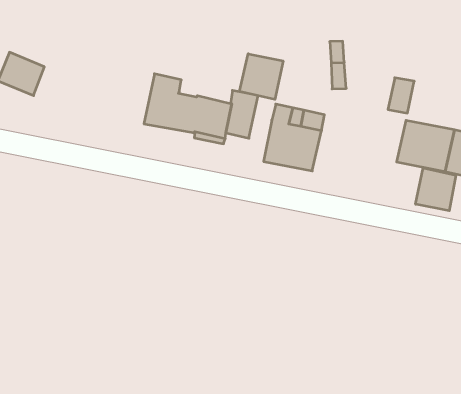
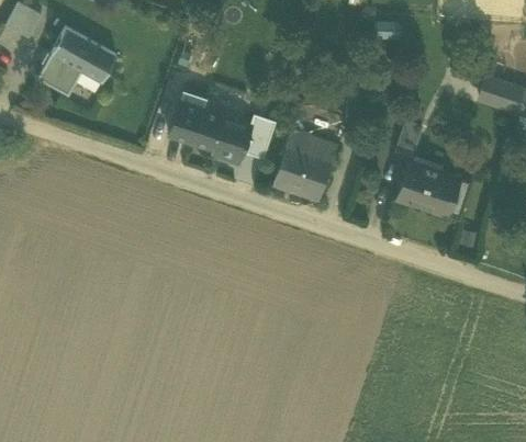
building: none -> [51,29,116,83]
building: [239,54,283,99] -> none
building: [416,168,456,211] -> none

